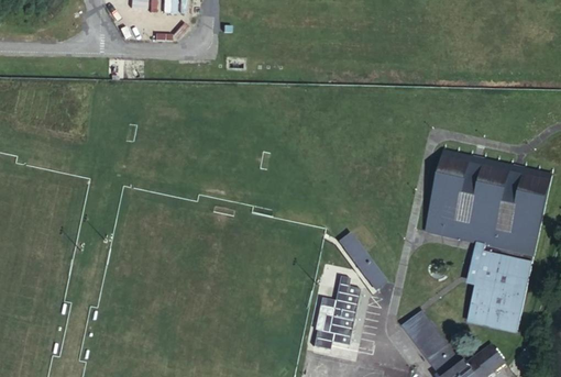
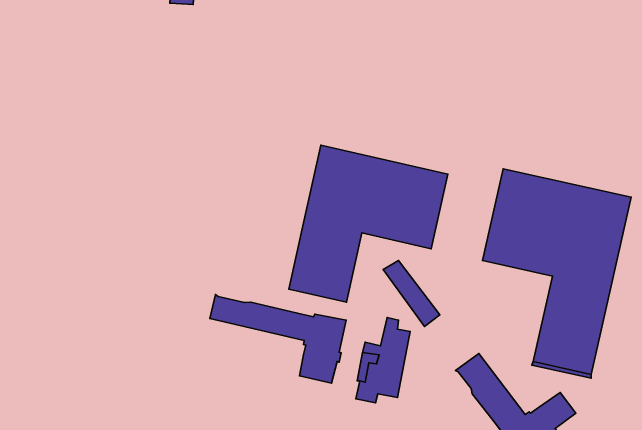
building: none -> [289,145,448,302]
building: none -> [210,295,346,383]

